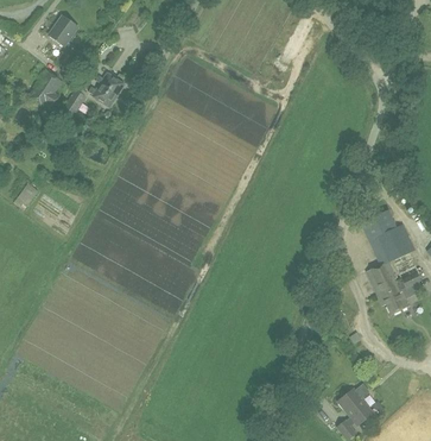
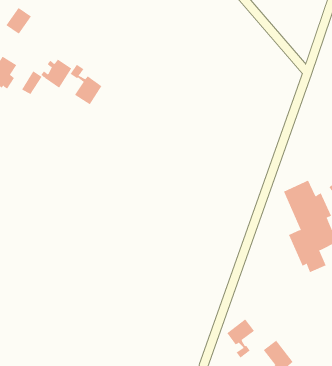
building: none -> [70,64,102,105]
building: none -> [227,318,255,358]

